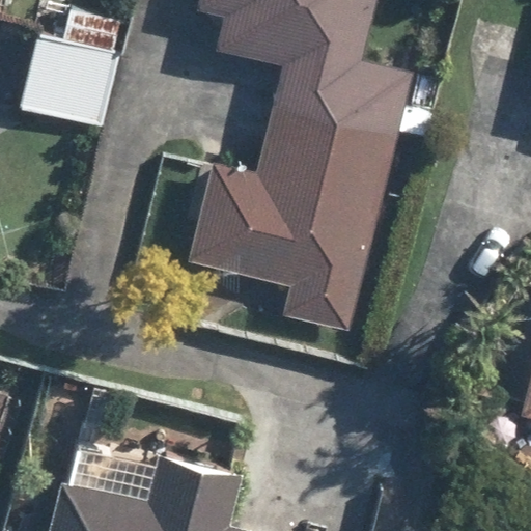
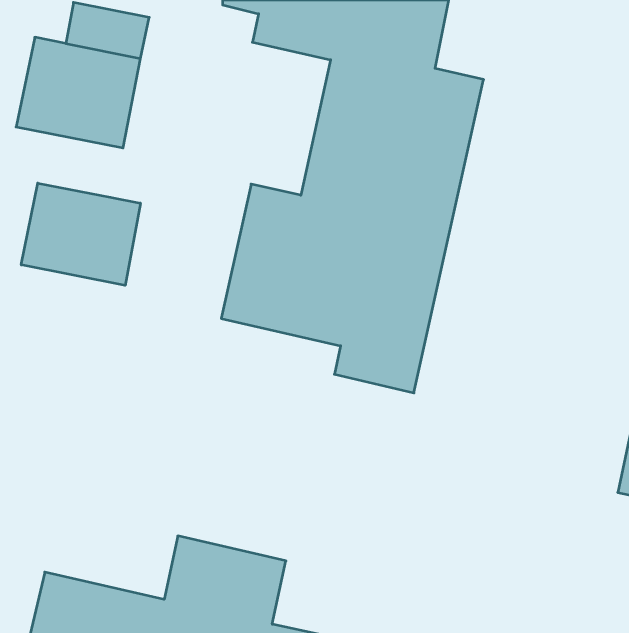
building: none -> [21,183,140,285]

